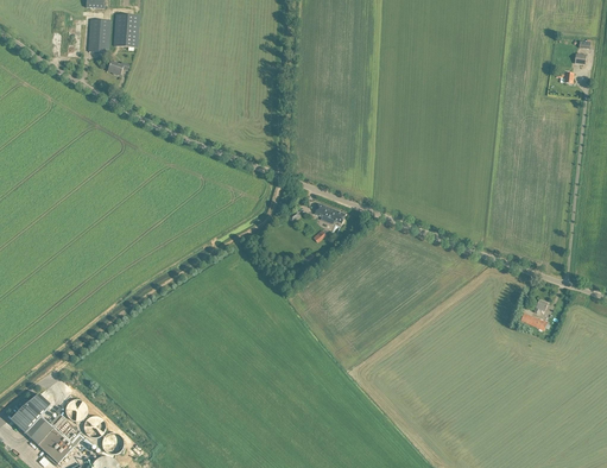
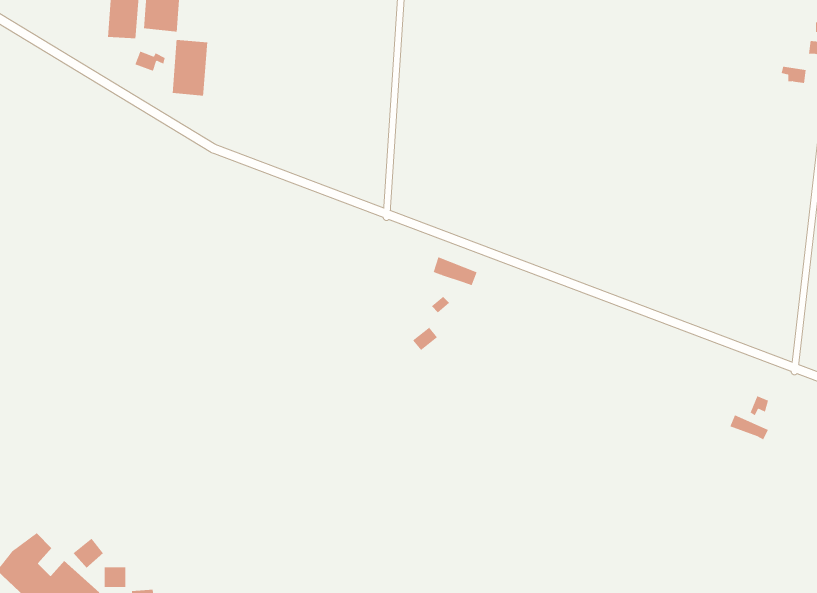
building: none -> [172,39,208,96]

